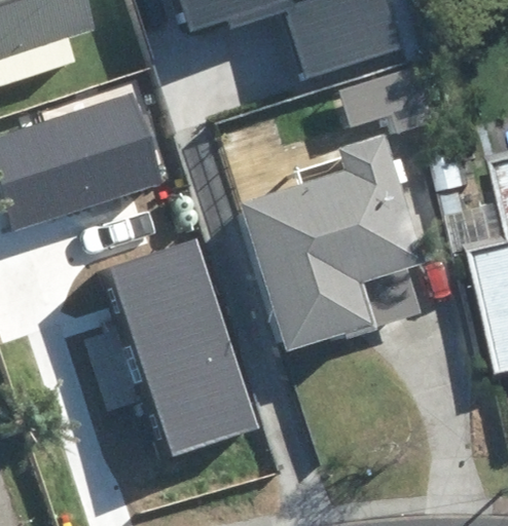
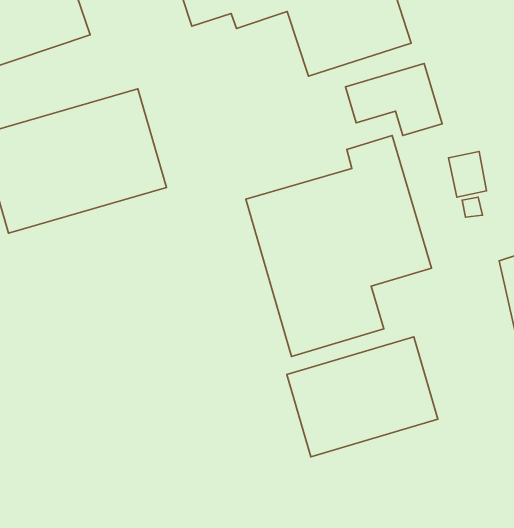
building: [108,236,255,457] -> none
building: none -> [287,337,438,457]

